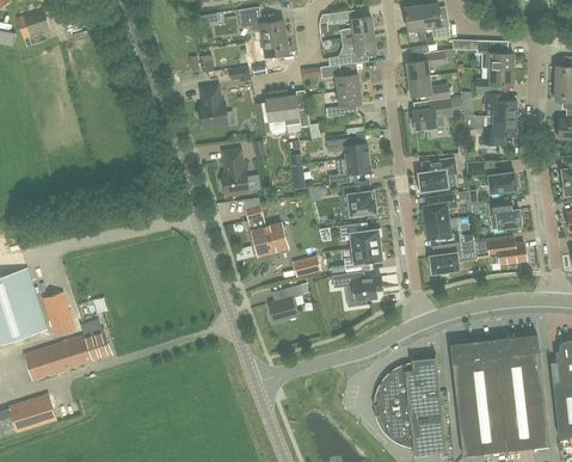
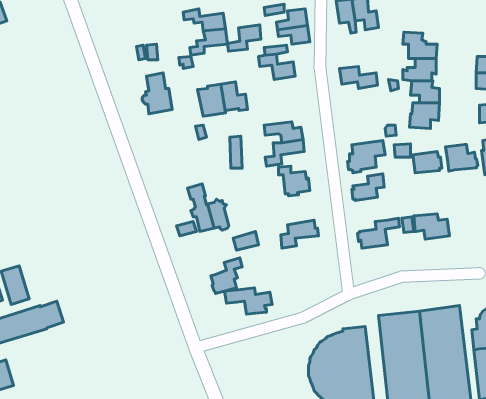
building: [406,51,444,80] -> none
building: [326,88,362,117] -> [228,25,261,51]
building: [411,98,451,130] -> none
building: [220,148,260,195] -> none
building: [488,201,523,229] -> [446,144,478,171]
building: [425,218,460,246] -> none
building: [340,223,382,248] -> none
building: [332,271,383,300] -> [224,288,272,314]

